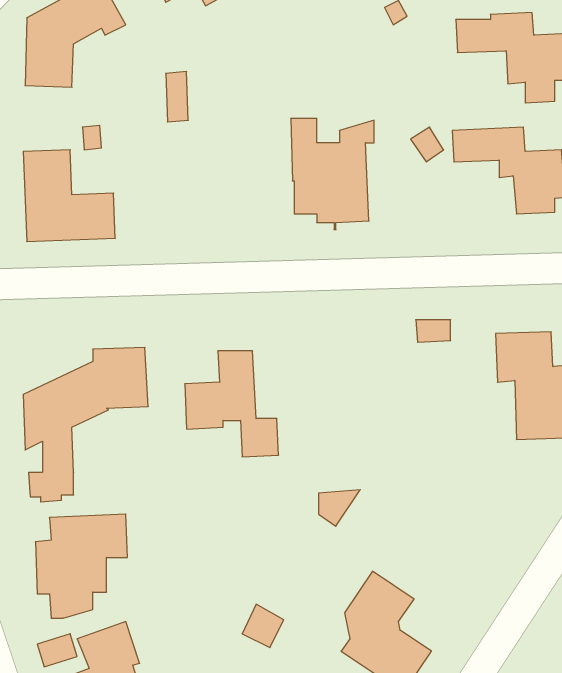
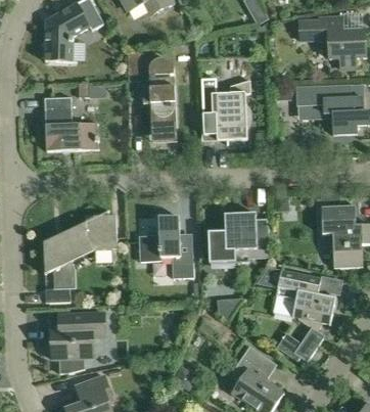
building: none -> [142,57,176,144]
building: none -> [207,213,269,263]
building: none -> [275,269,335,361]

